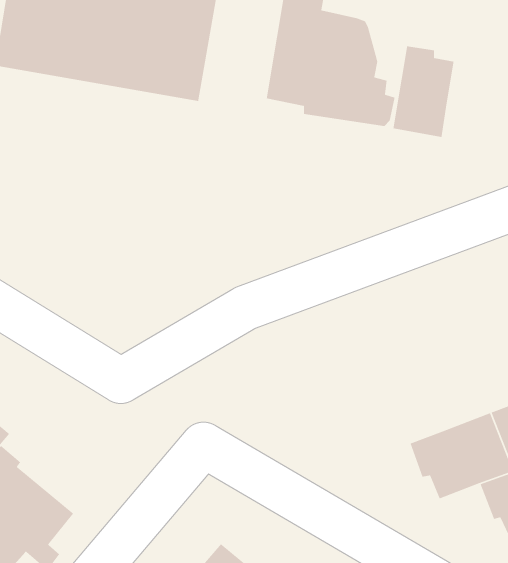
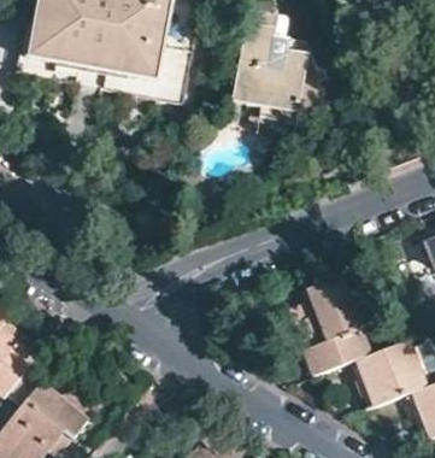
building: [392,46,454,138] -> none
building: none -> [289,275,371,376]

